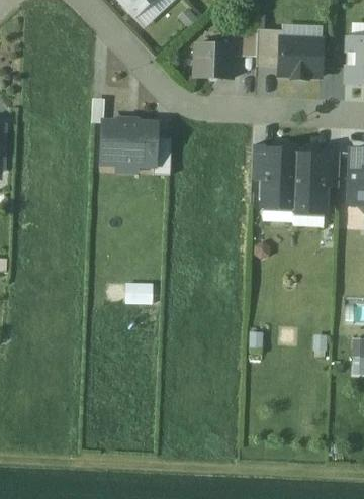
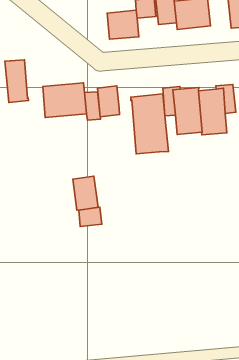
building: none -> [5,60,28,102]
building: none -> [98,86,120,117]
building: none -> [131,94,168,154]
building: none -> [73,176,98,210]

